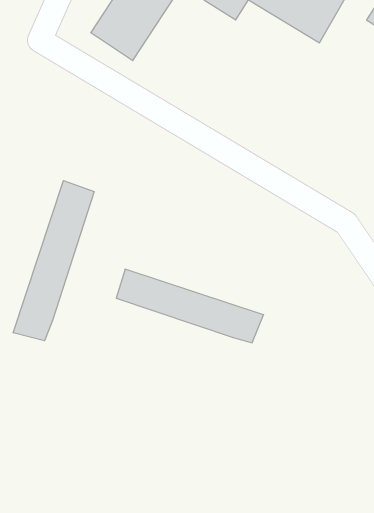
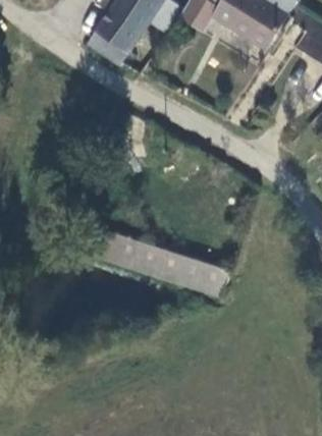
building: [13,181,94,341] -> none

